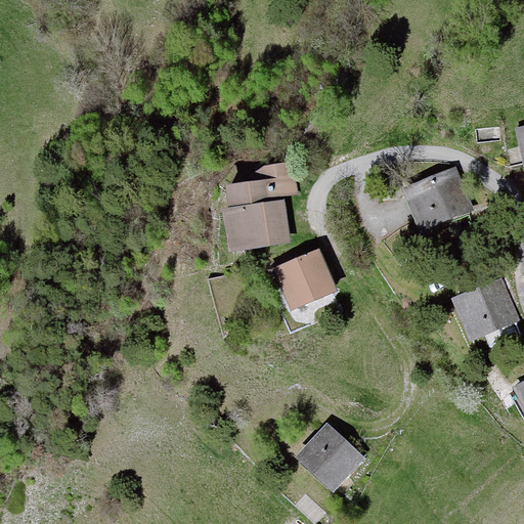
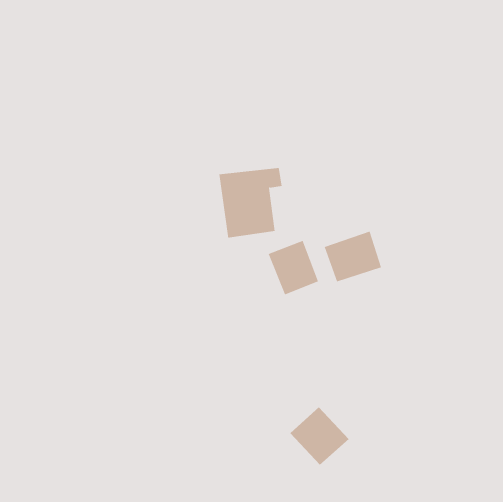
building: [404,172,465,225] -> [324,231,382,282]
building: [457,282,515,338] -> none

